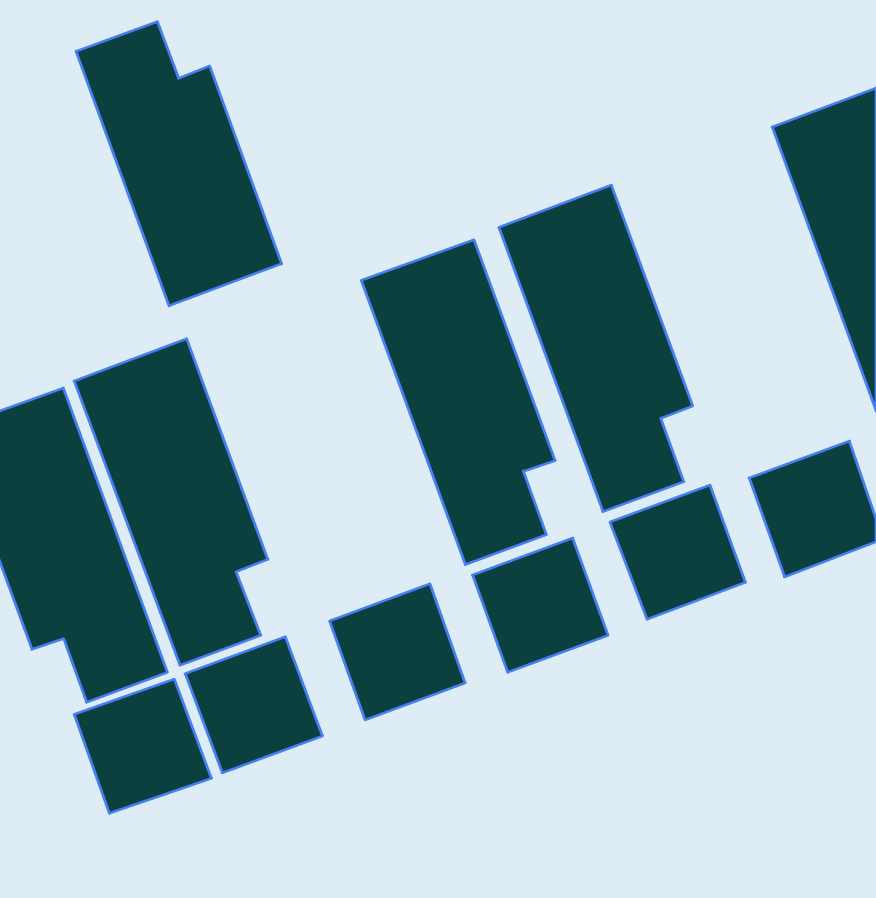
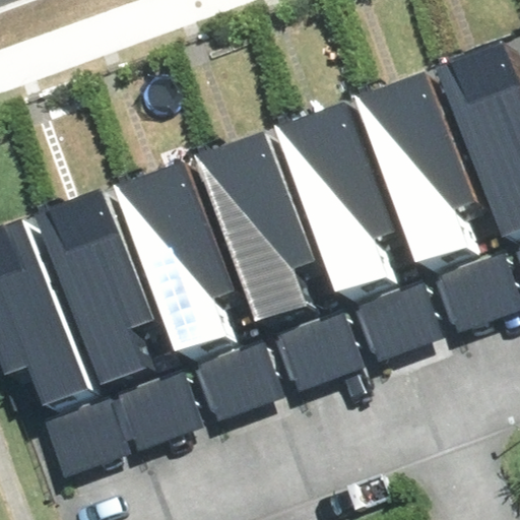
building: [76,22,282,306] -> none
building: none -> [368,82,479,269]
building: none -> [126,165,238,352]

